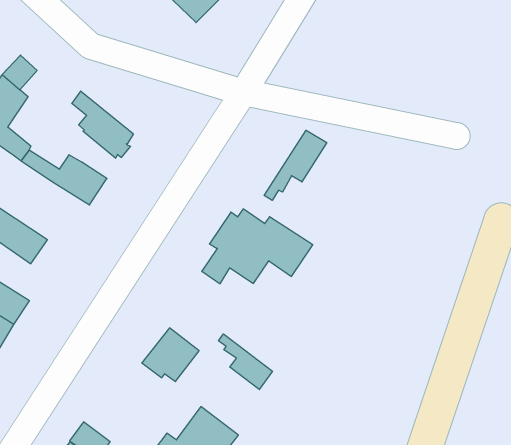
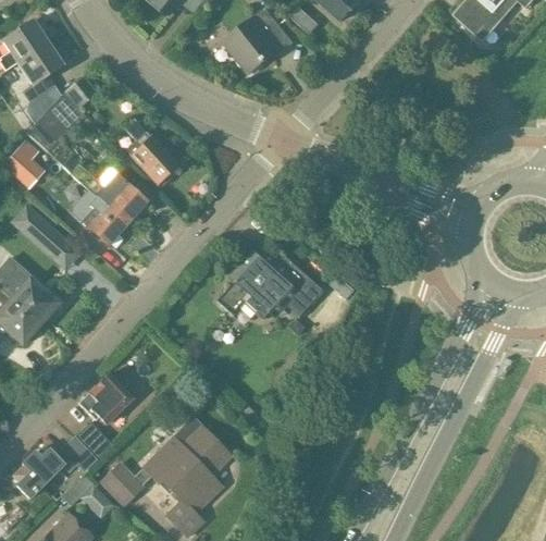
building: [264,130,327,200] -> none
building: none -> [80,196,126,245]
building: [142,328,199,382] -> [77,373,132,423]
building: [218,334,272,390] -> none

